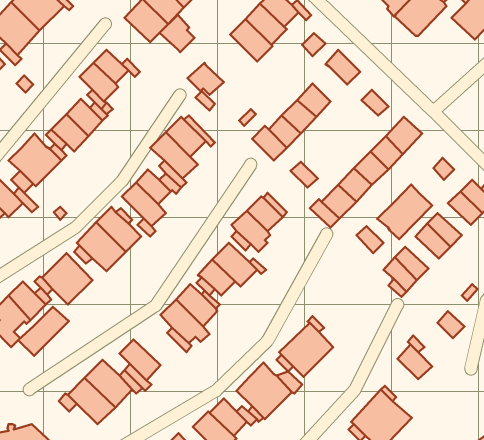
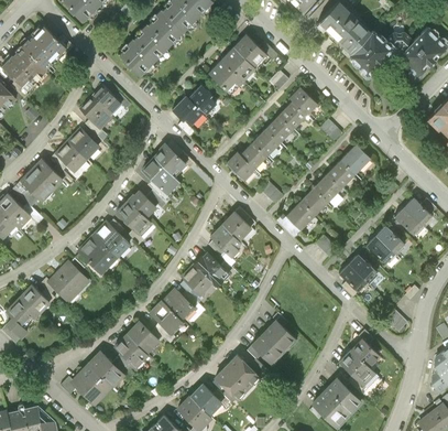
building: [160,15,194,52] -> [187,83,217,115]
building: none -> [278,99,308,129]
building: [377,184,432,239] -> none
building: [18,307,69,356] -> none
building: none -> [125,320,160,354]
building: none -> [339,349,376,386]

